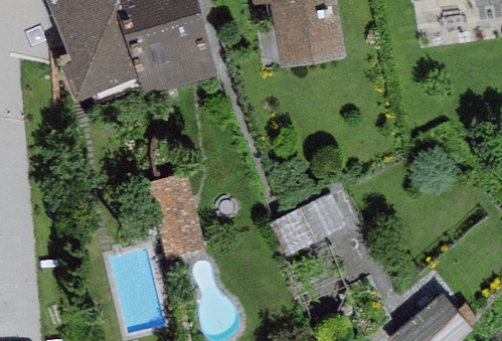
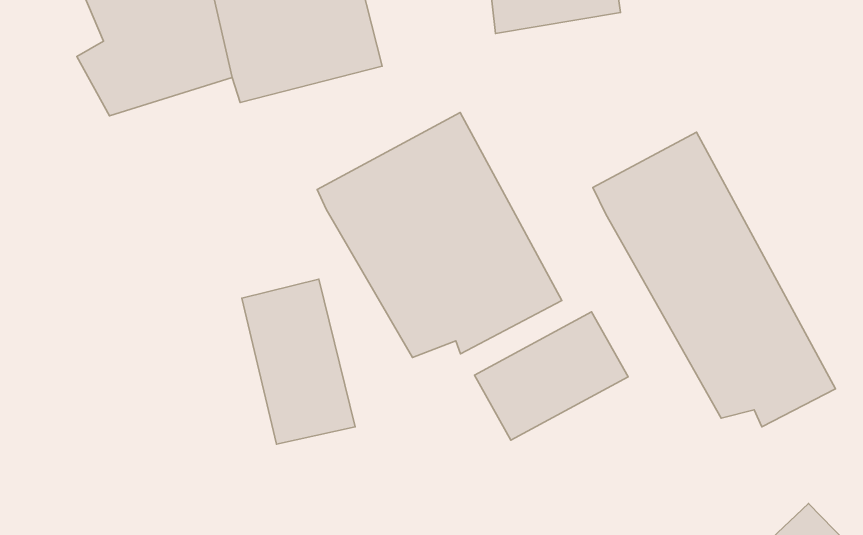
building: none -> [317,113,562,357]
building: none -> [593,132,835,427]

